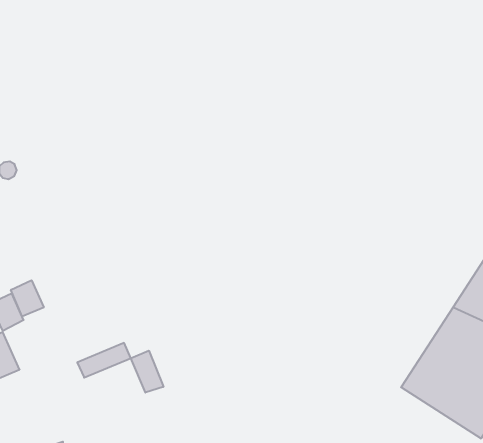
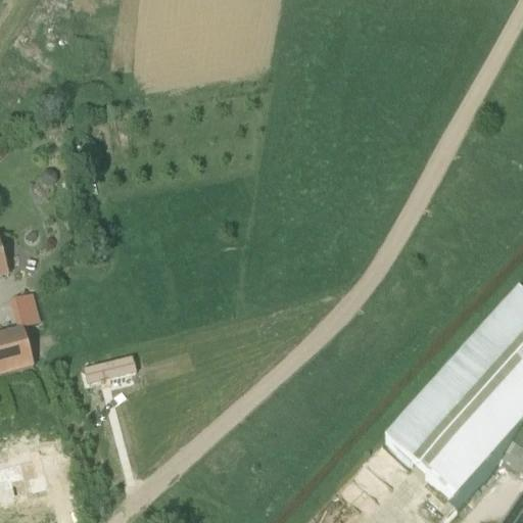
building: [11,280,44,316] -> none
building: [131,351,163,393] -> none

